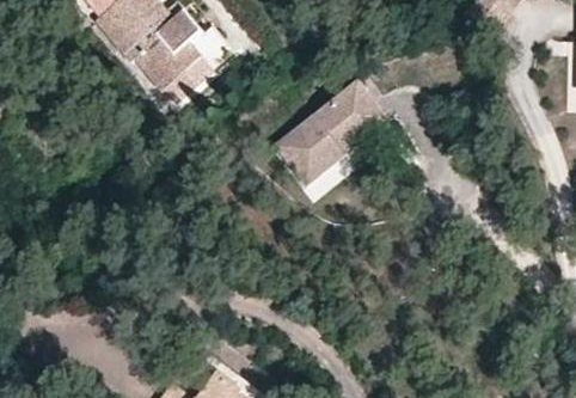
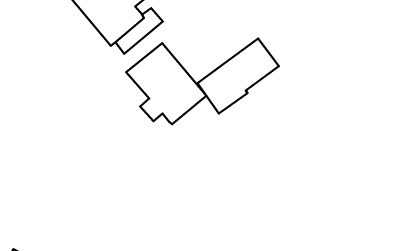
building: none -> [126,43,206,124]

